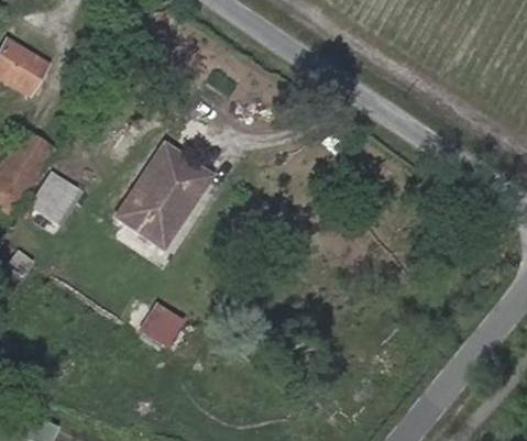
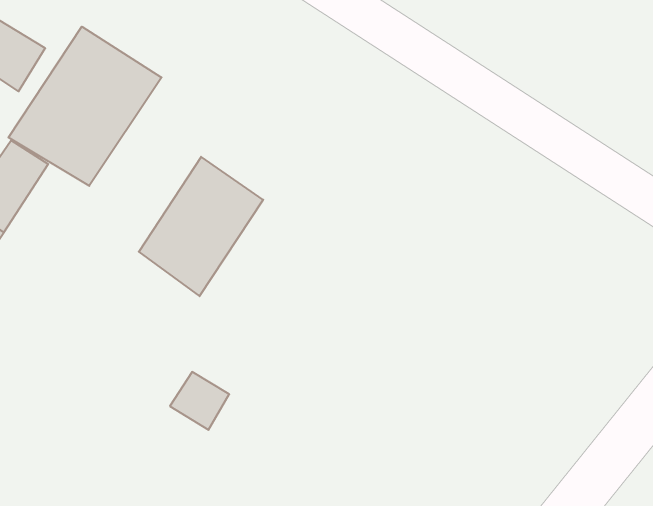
building: none -> [8,27,162,186]
building: [31,173,81,224] -> none

